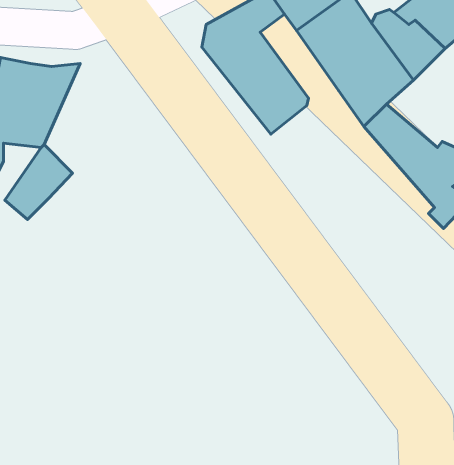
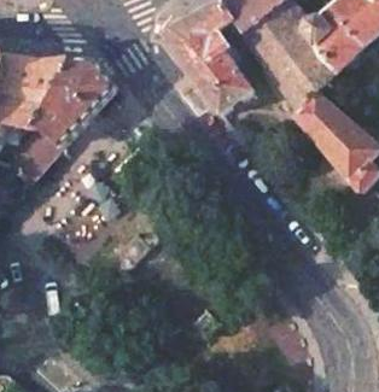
building: none -> [37,58,115,146]

